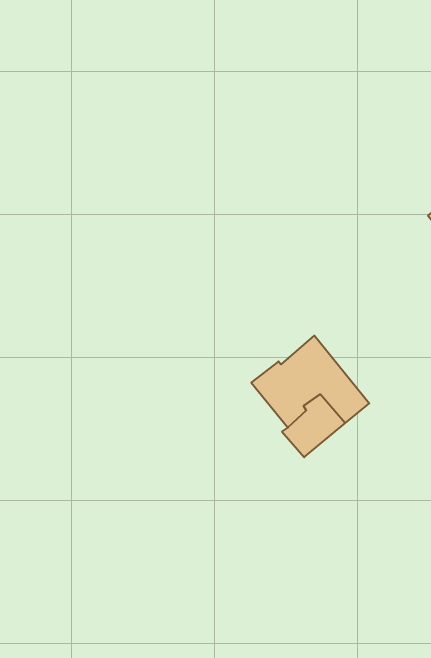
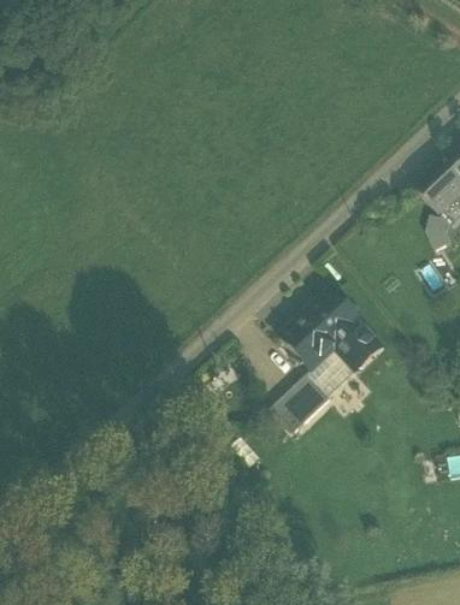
building: none -> [272,374,329,429]

